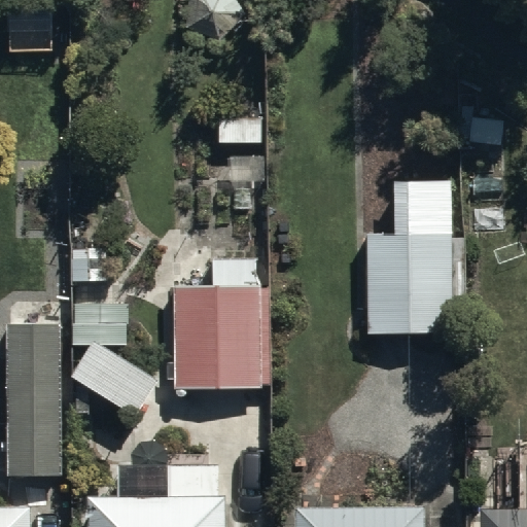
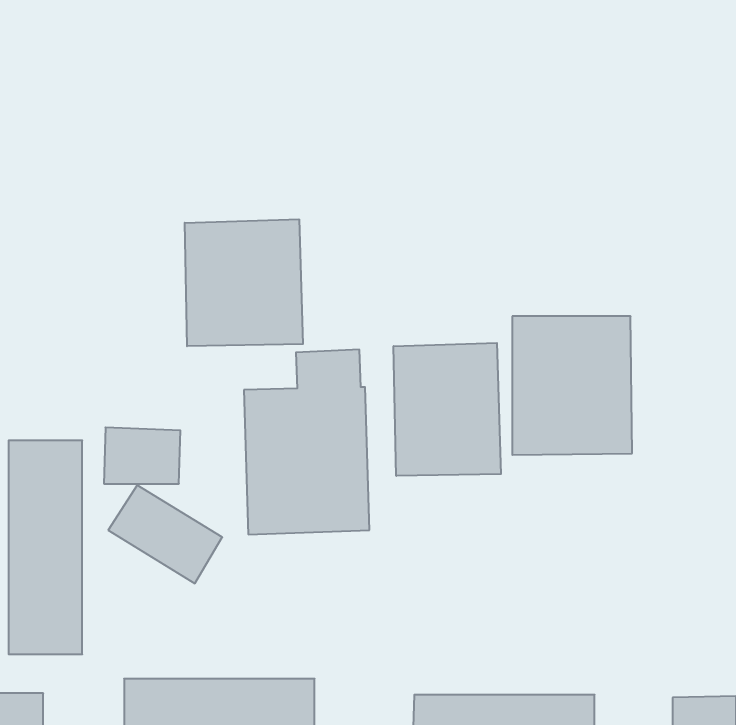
building: none -> [185,219,303,346]
building: none -> [394,343,501,476]

